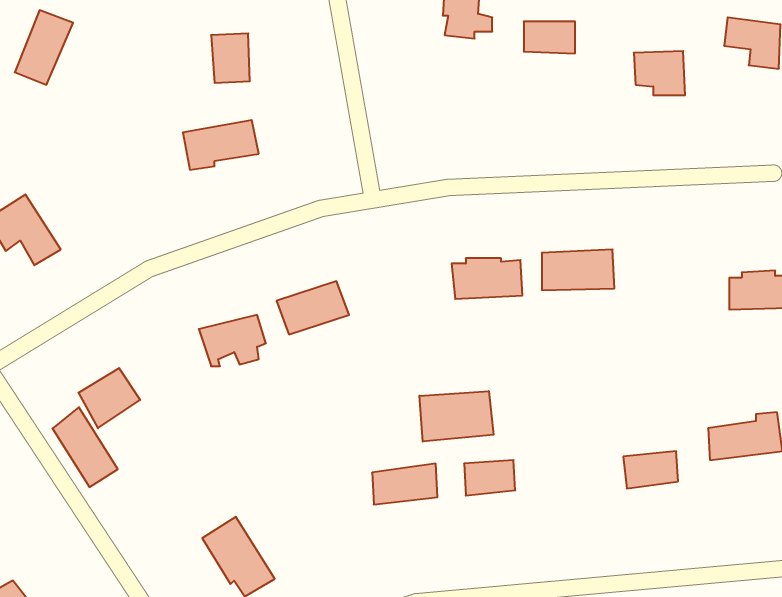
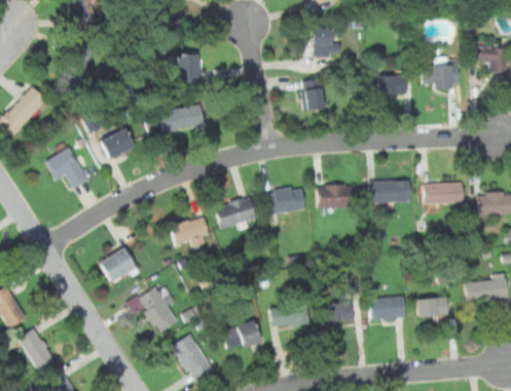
building: [524,21,575,53] -> [377,76,407,94]
building: none -> [301,79,324,111]
building: none -> [101,128,135,159]
building: none -> [424,183,464,204]
building: none -> [265,188,305,214]
building: [419,391,494,442] -> none
building: [52,407,118,487] -> [140,286,178,333]
building: none -> [370,297,406,320]
building: none -> [220,320,261,349]

